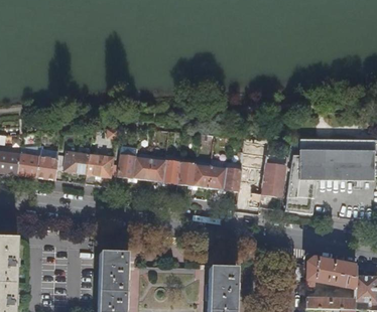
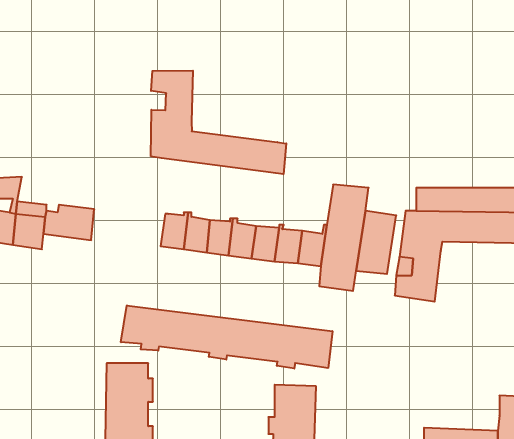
building: none -> [151,71,286,174]
building: [118,146,140,178] -> none
building: [89,154,114,177] -> none
building: none -> [121,305,332,369]
building: [306,258,356,289] -> none

